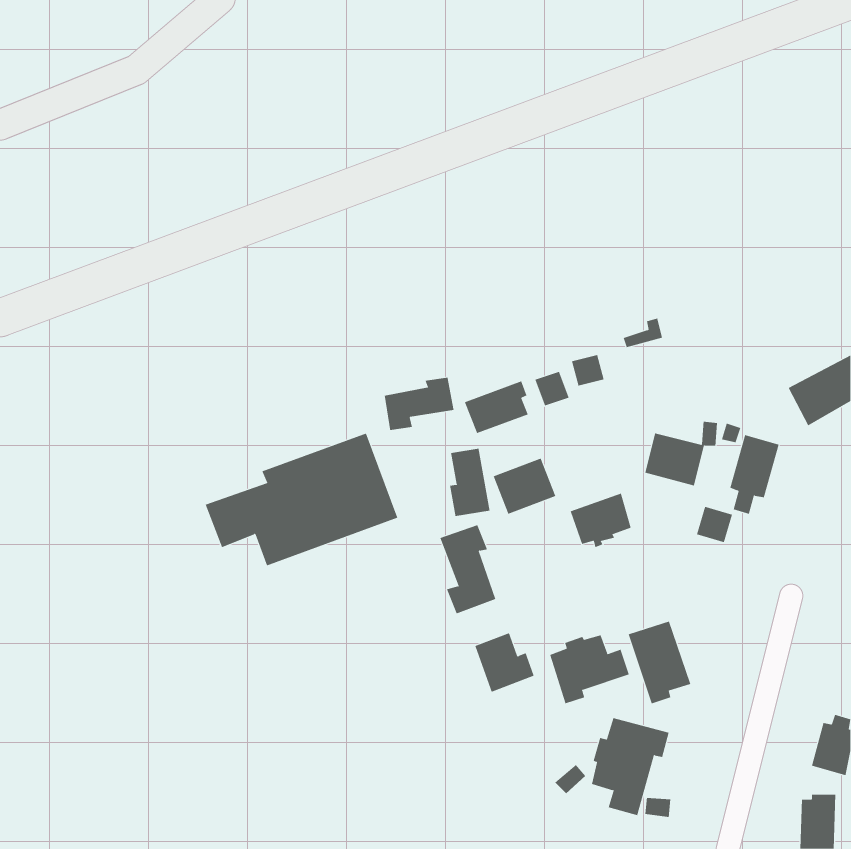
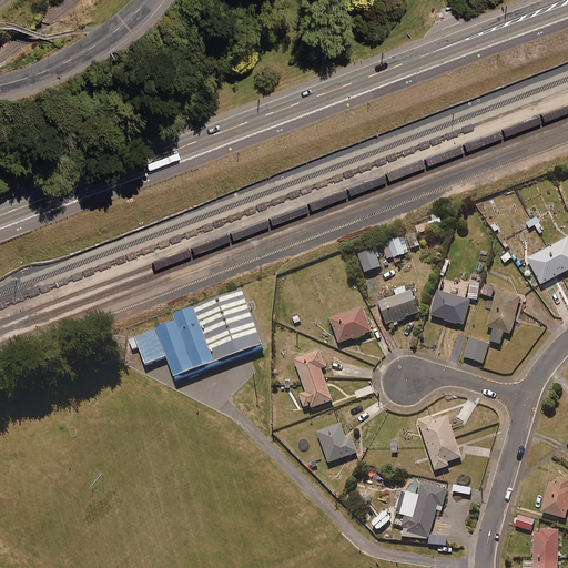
building: [384,377,454,431] -> none
building: [464,381,529,434] -> none
building: [449,448,490,517] -> none
building: [570,493,631,548] -> [376,288,417,325]
building: [549,634,629,704] -> none

